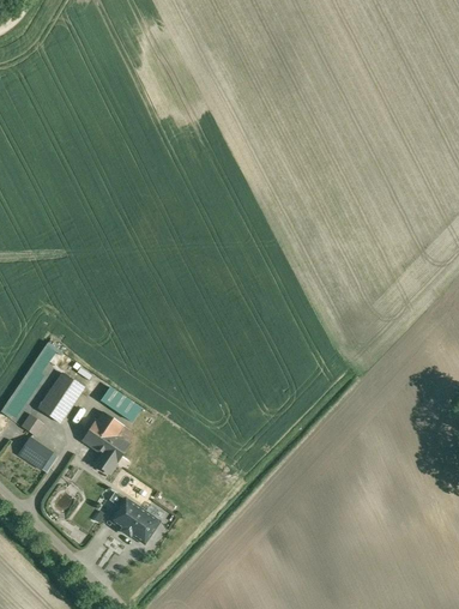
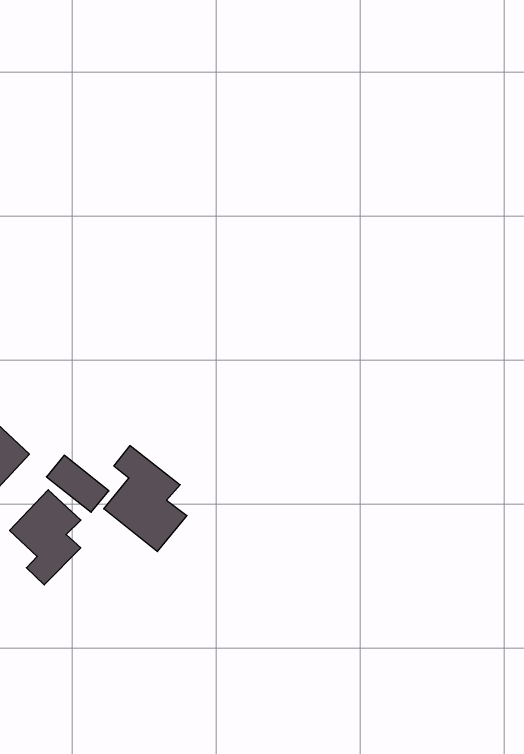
building: none -> [104,446,187,552]
building: [109,494,164,547] -> none

